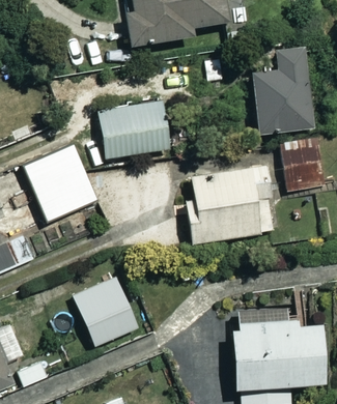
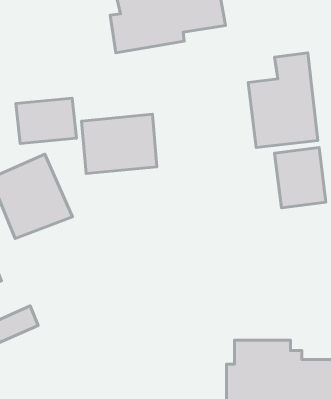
building: none -> [16,98,77,144]
building: [178,161,270,240] -> none
building: [66,273,133,343] -> none

